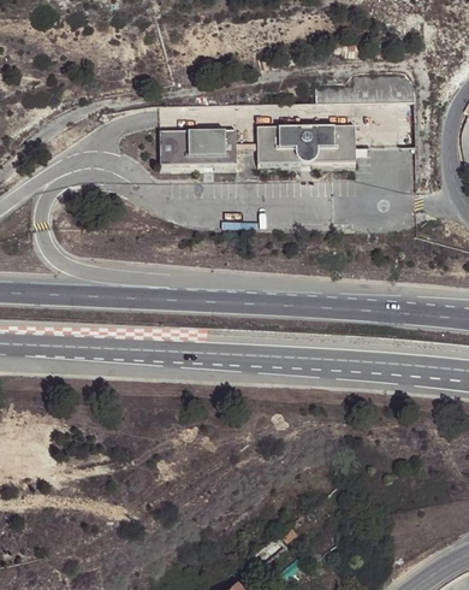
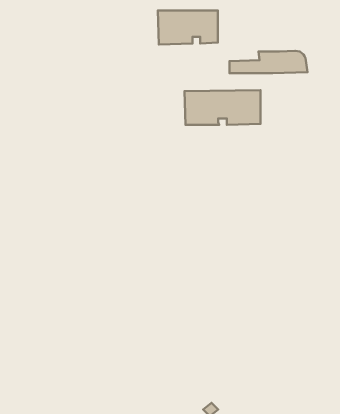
building: [159,128,236,171] -> [158,11,218,44]

